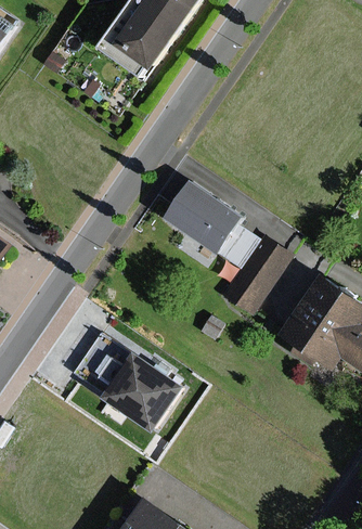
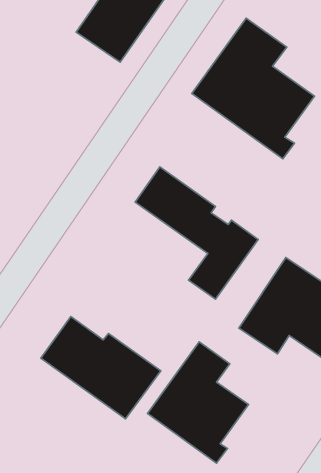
building: none -> [192,18,314,159]
building: none -> [147,342,248,463]

